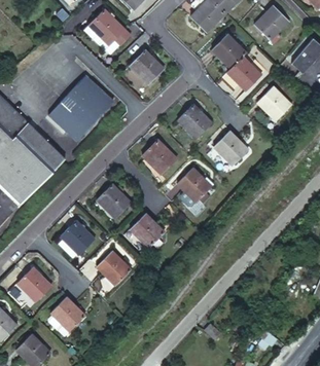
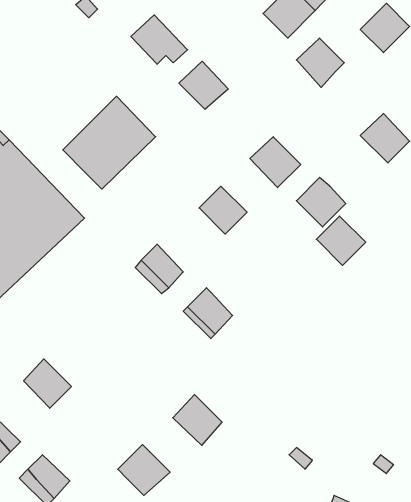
building: [223,60,258,96] -> none
building: [177,168,212,203] -> [316,216,366,265]
building: [62,219,97,254] -> none
building: [96,247,131,283] -> [173,395,222,445]
building: [48,293,85,329] -> [118,445,170,495]

